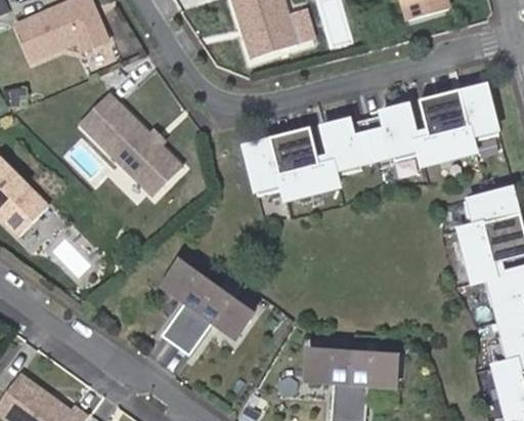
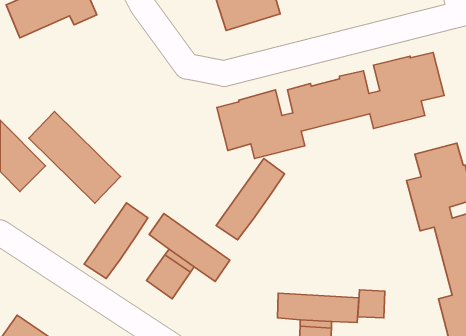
building: [78,92,180,195] -> [29,112,121,203]
building: none -> [216,158,284,240]
building: none -> [84,203,148,279]
building: none -> [358,290,385,318]

